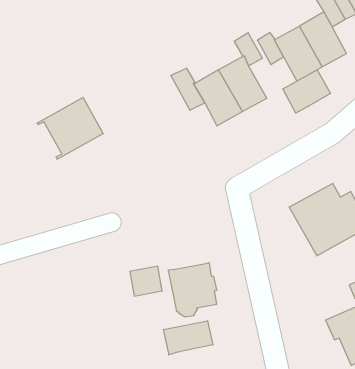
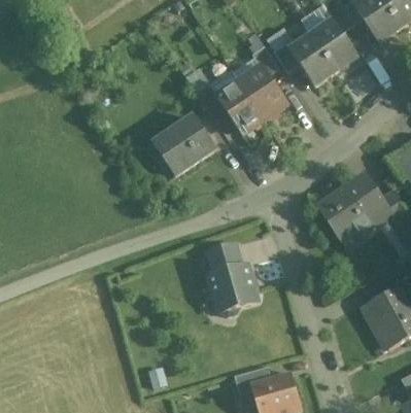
building: [283,70,331,113] -> none
building: [37,98,103,159] -> [152,117,215,177]
building: [130,266,162,296] -> [208,243,240,273]
building: [164,321,213,355] -> none

